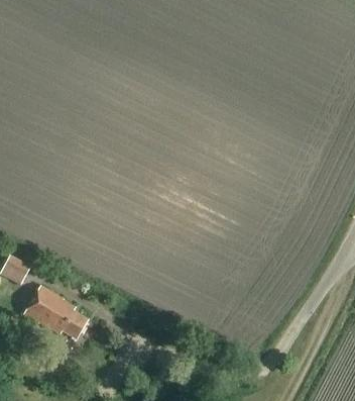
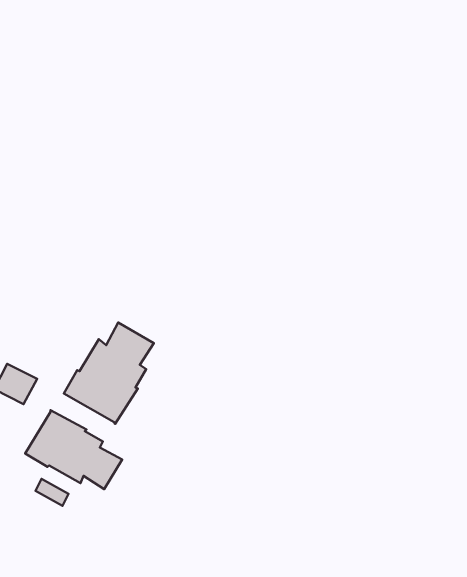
building: none -> [64,322,154,424]

